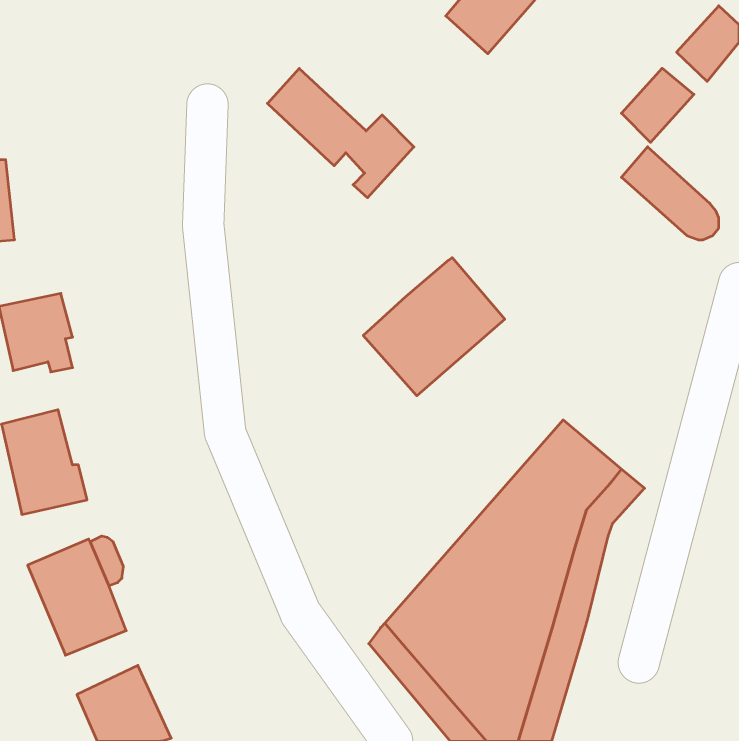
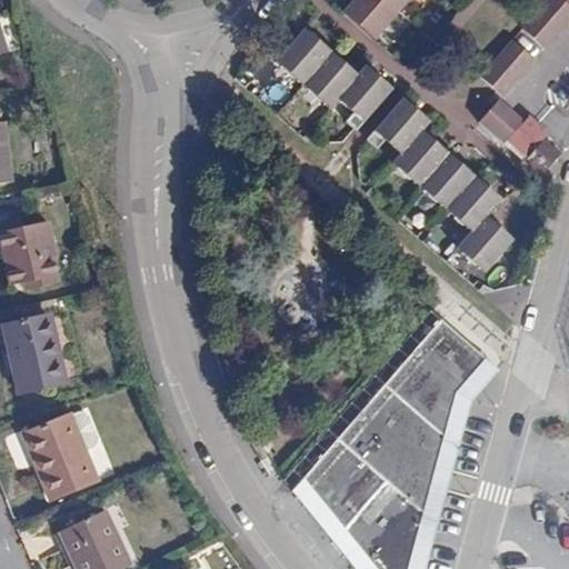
building: [267,68,414,198] -> [282,28,395,127]
building: none -> [369,96,519,269]
building: [363,258,505,396] -> none

